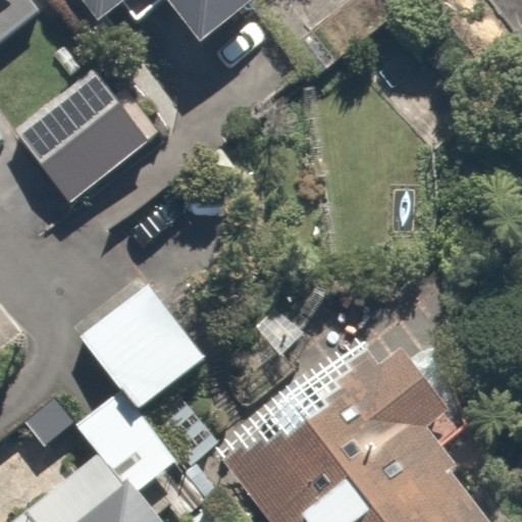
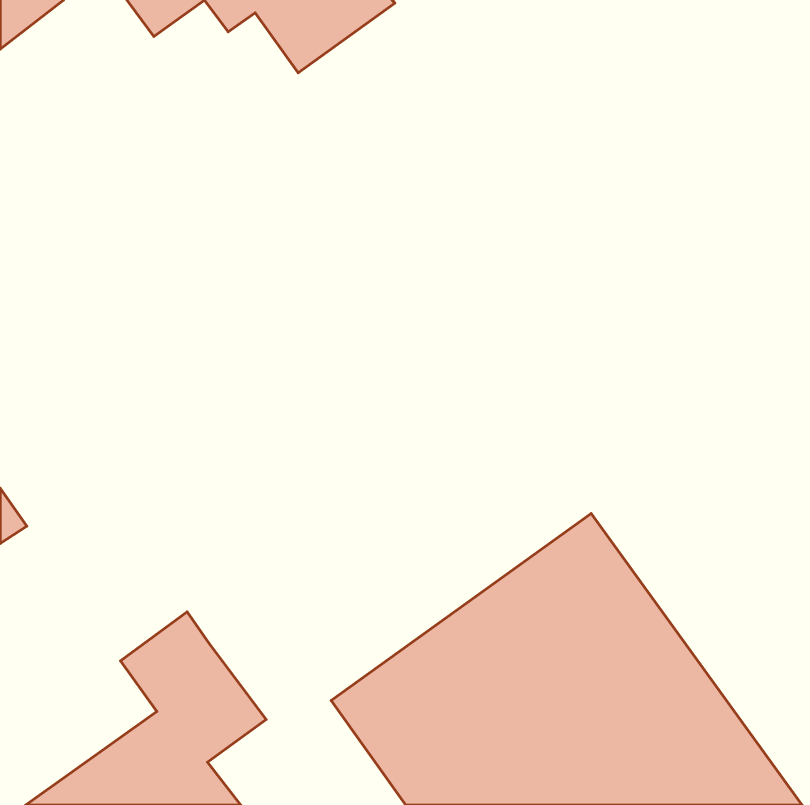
building: [10,67,155,211] -> none
building: [82,289,206,414] -> none

